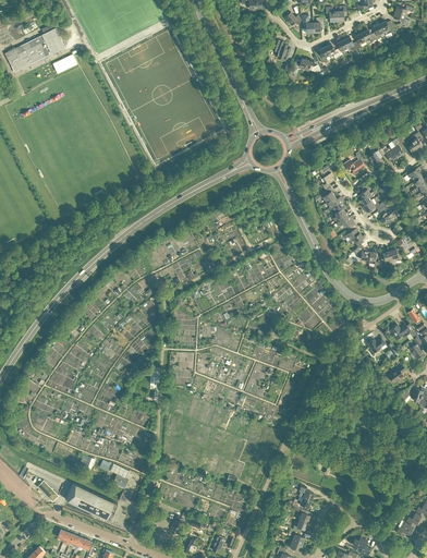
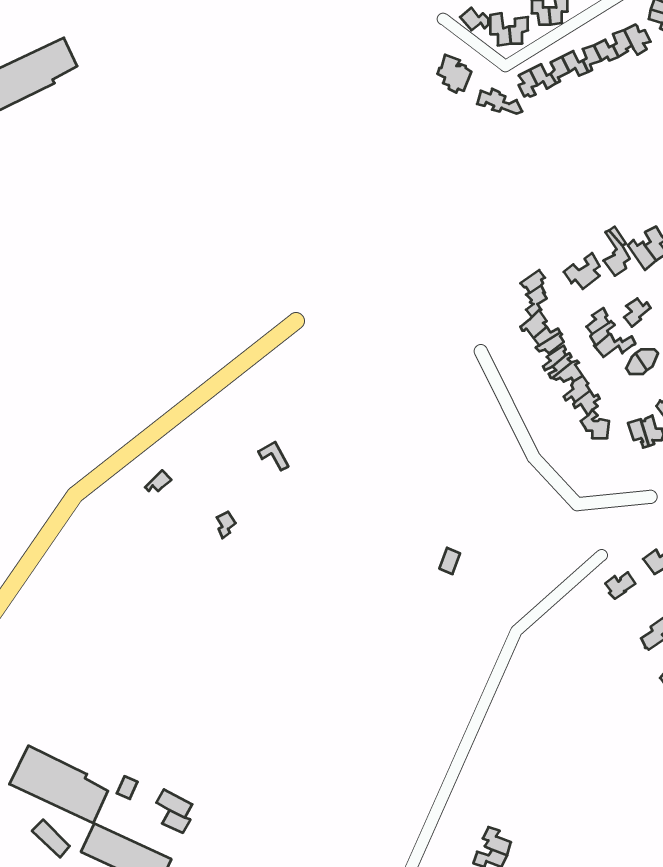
building: none -> [9,746,108,823]

